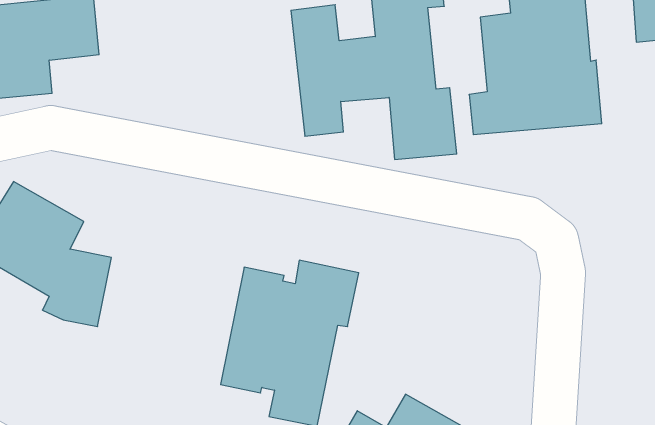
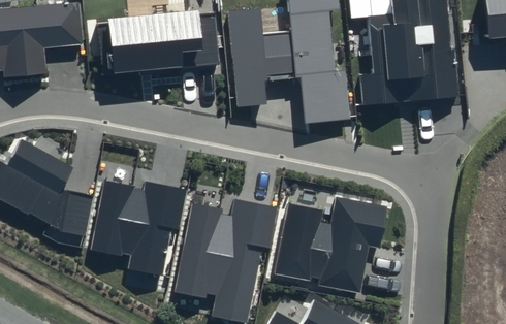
building: none -> [98,9,219,73]
building: none -> [91,182,187,274]
building: none -> [274,197,388,293]

